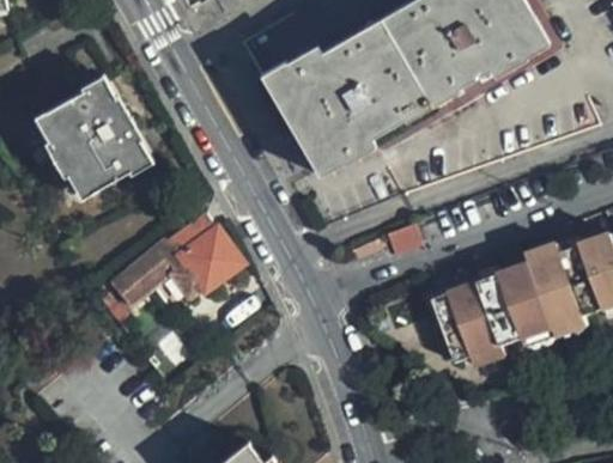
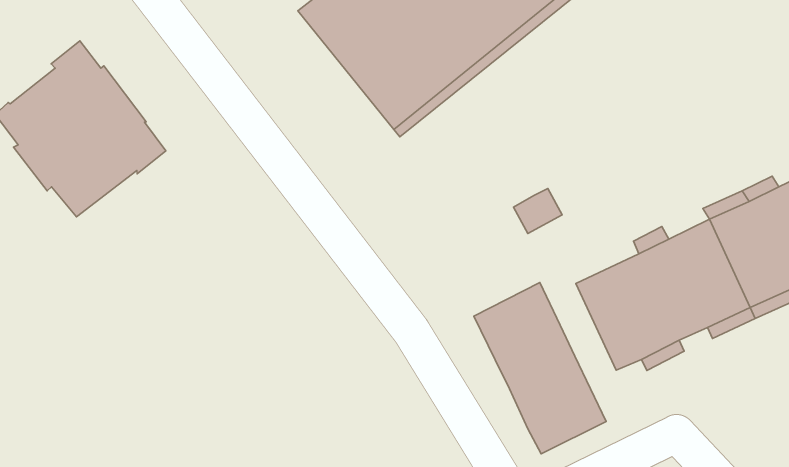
building: [110,211,244,306] -> none
building: none -> [474,282,606,454]

